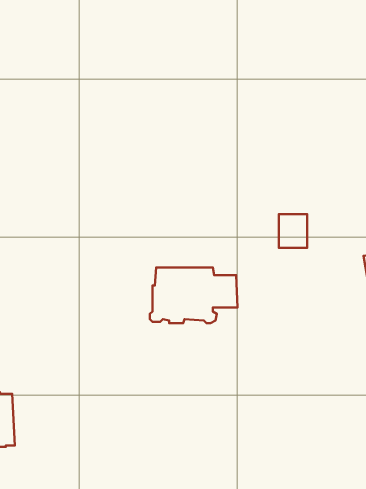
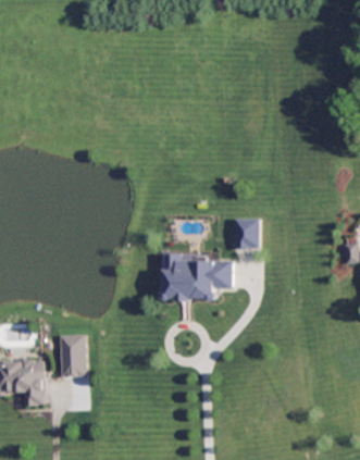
building: [279,214,307,248] -> [235,217,259,246]
building: none -> [61,333,87,375]

